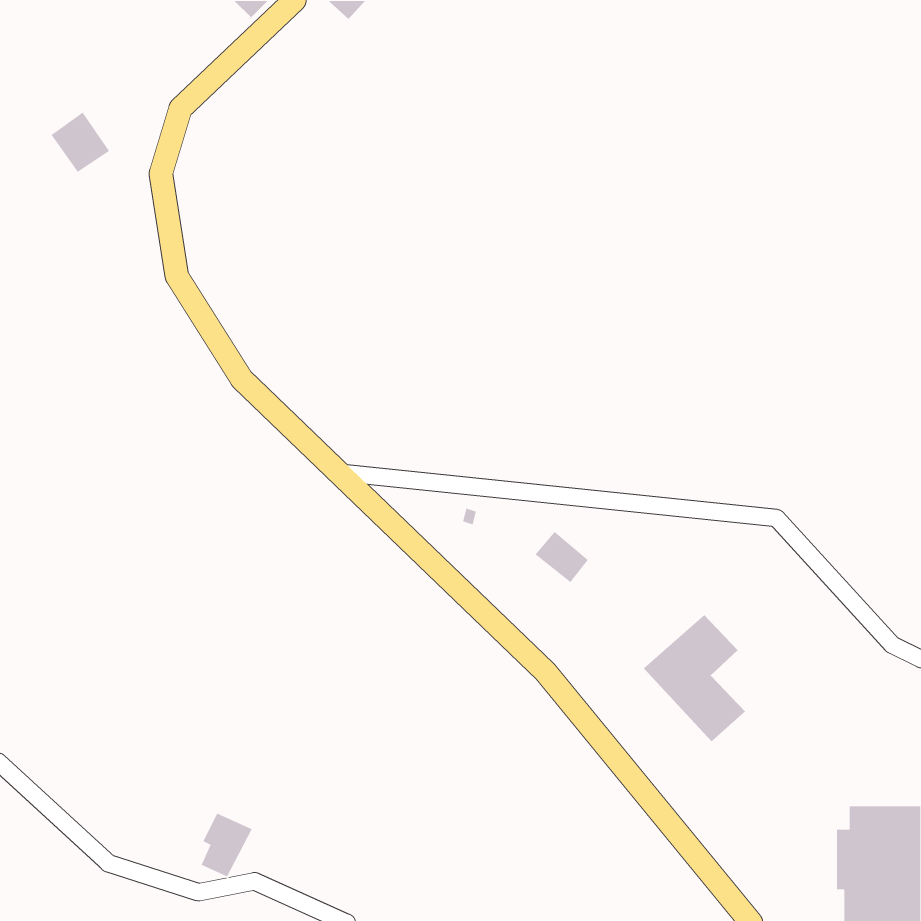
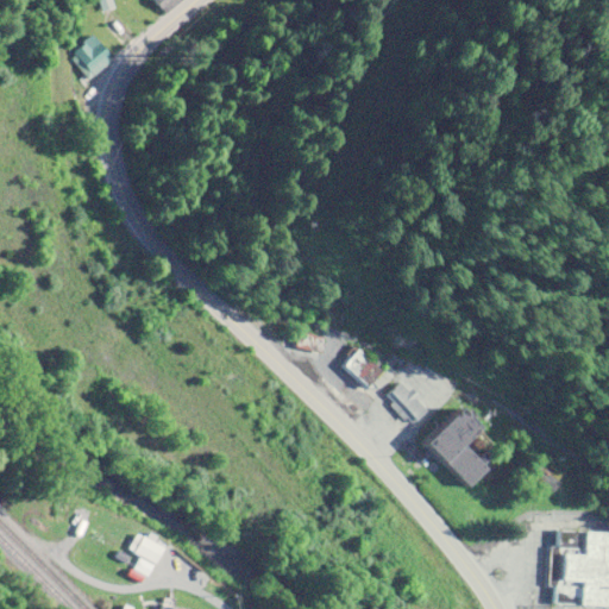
building: [50,111,110,173] -> [75,34,114,75]
building: none -> [394,384,425,423]

